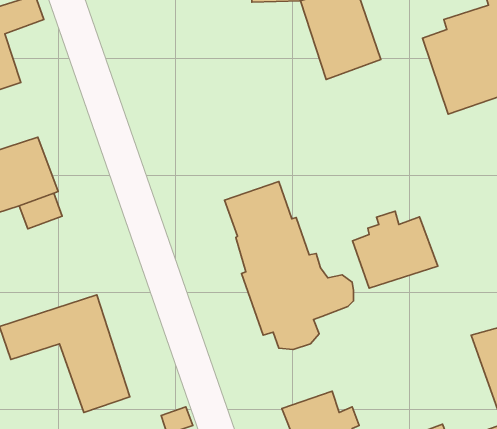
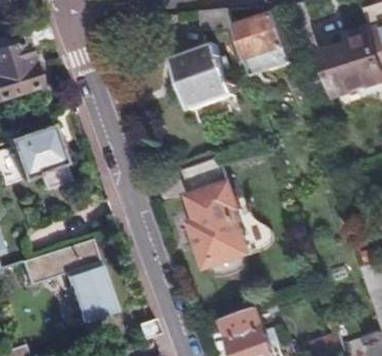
building: none -> [173,46,235,121]
building: [353,211,438,288] -> none

